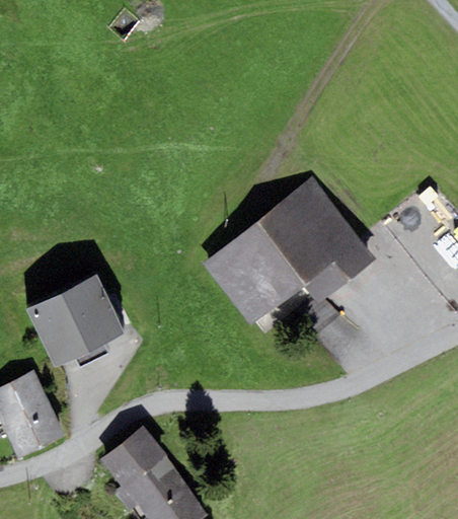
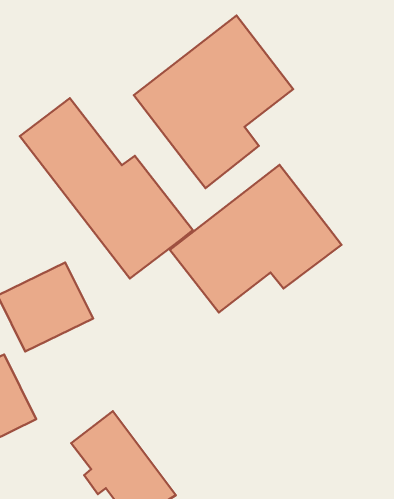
building: none -> [134,16,293,188]
building: none -> [20,98,193,278]

